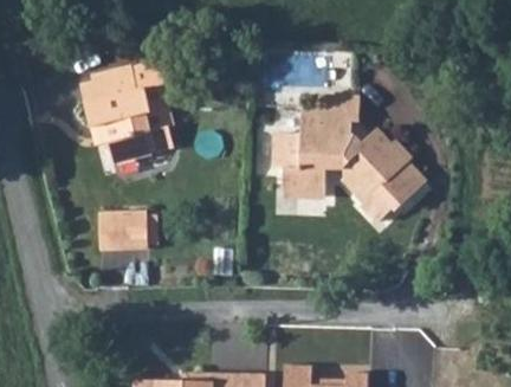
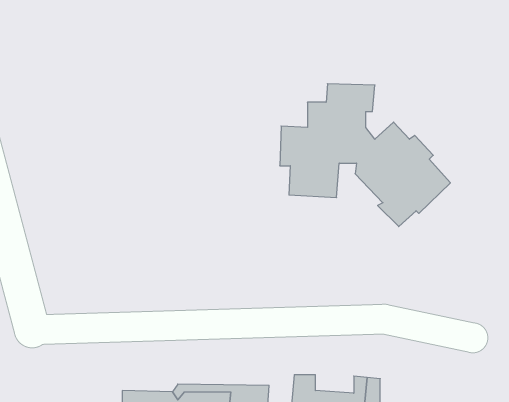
building: [77,62,173,163] -> none
building: [99,212,149,251] -> none

